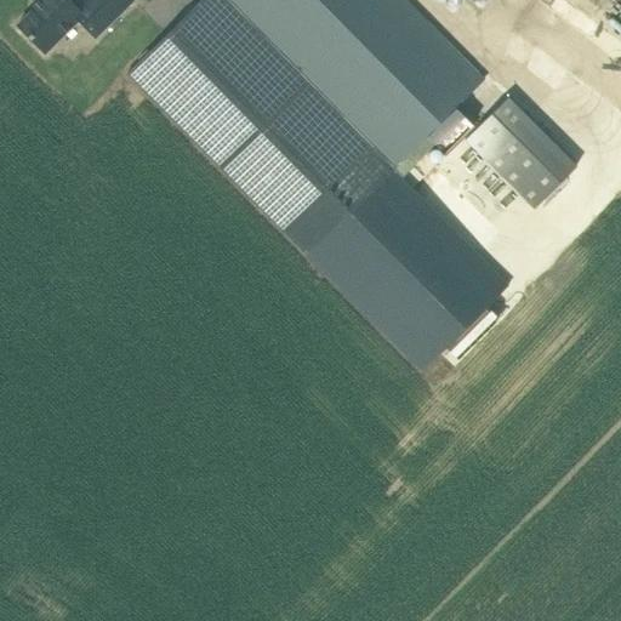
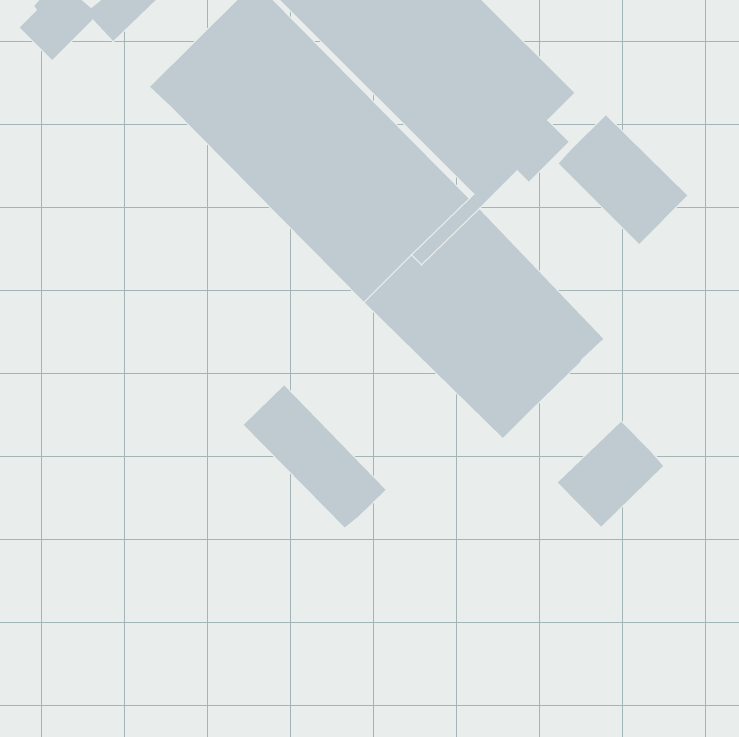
building: none -> [243,384,386,529]
building: none -> [557,421,664,527]

